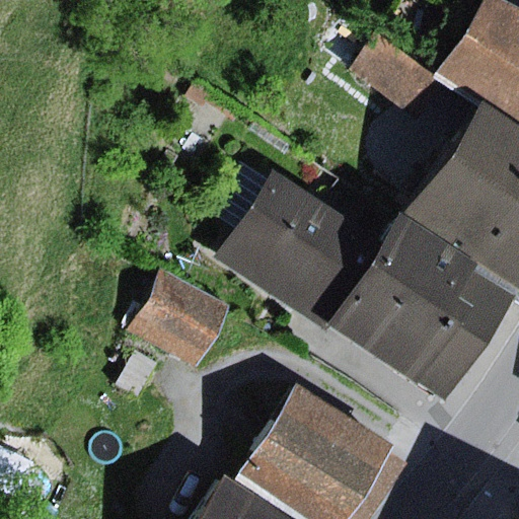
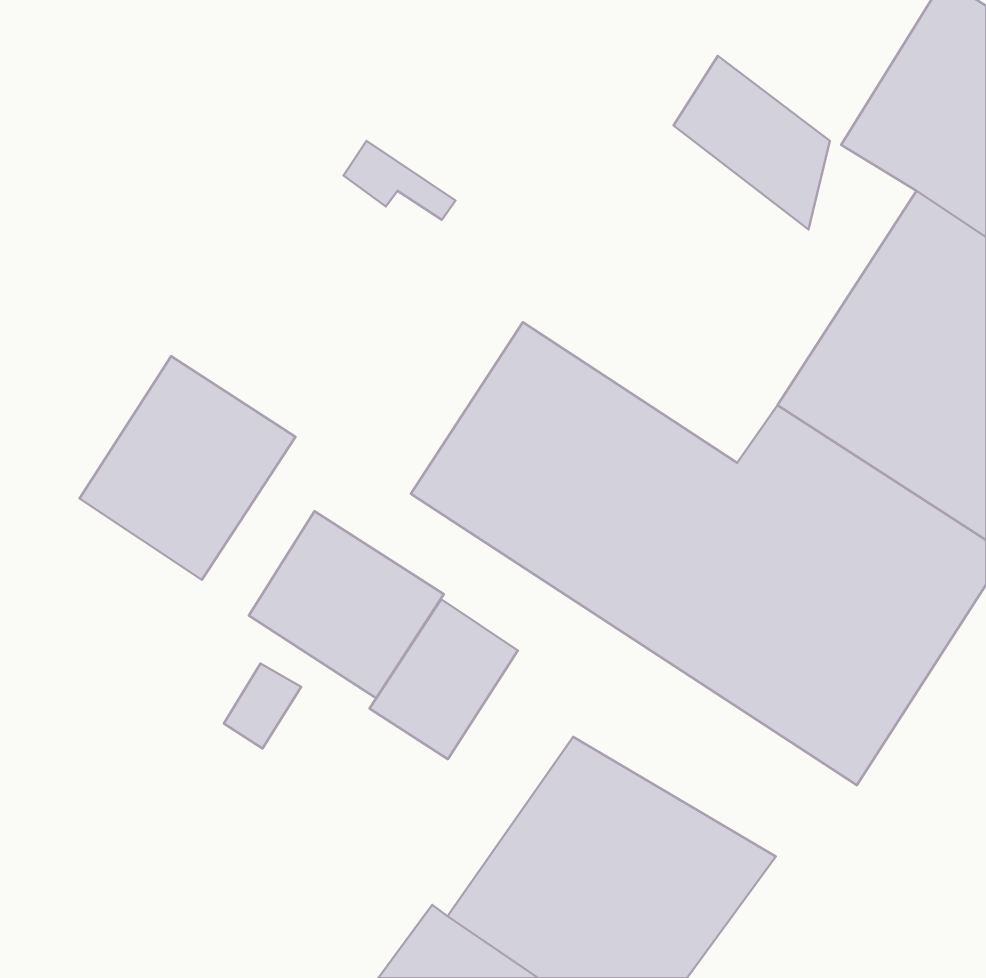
building: none -> [79,356,296,580]
building: none -> [370,599,518,759]

